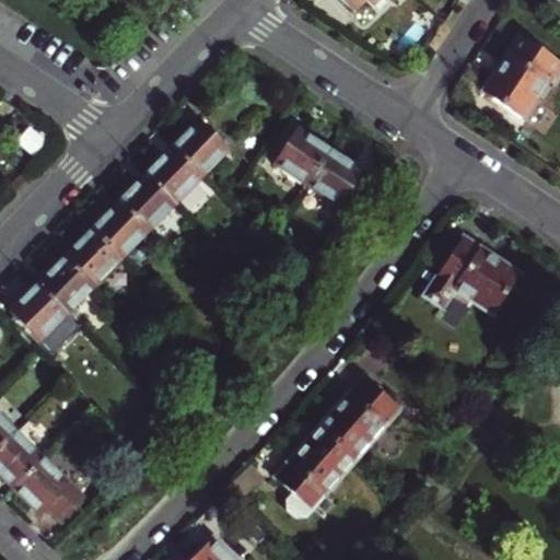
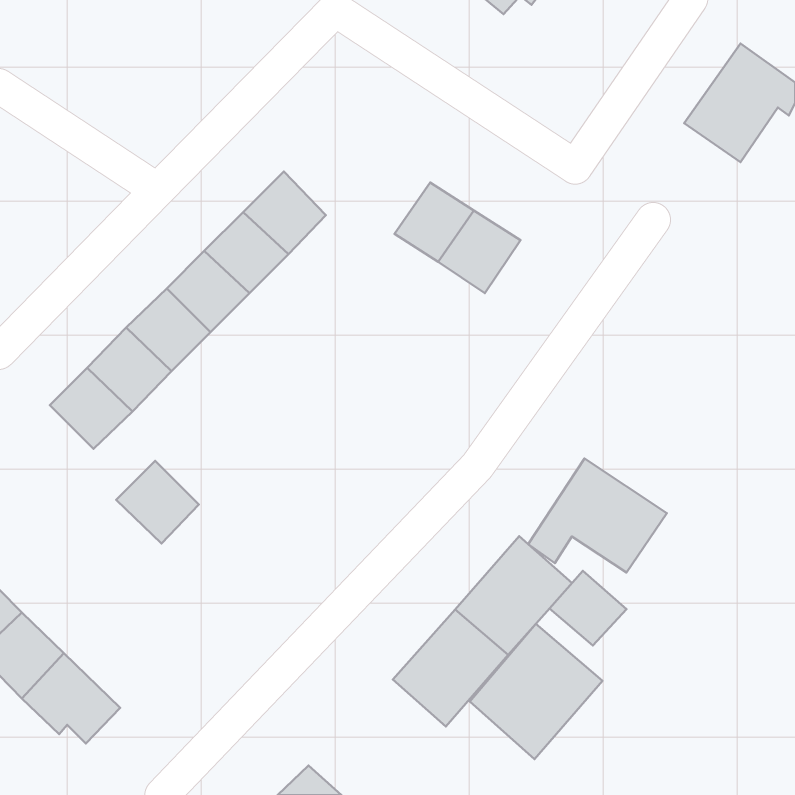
building: [423,233,521,313] -> [528,459,667,572]
building: [8,284,66,342] -> [116,461,199,543]
building: none -> [549,571,627,646]
building: none -> [470,624,602,759]

